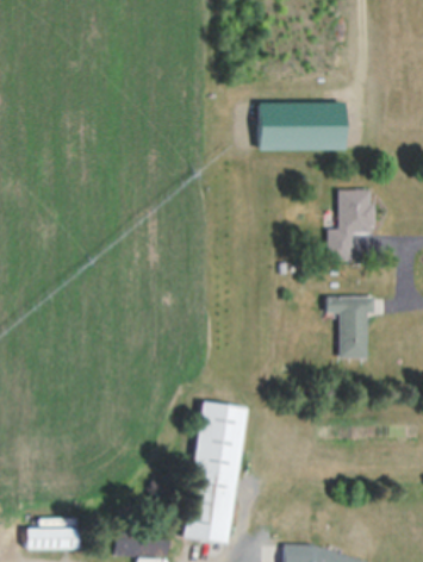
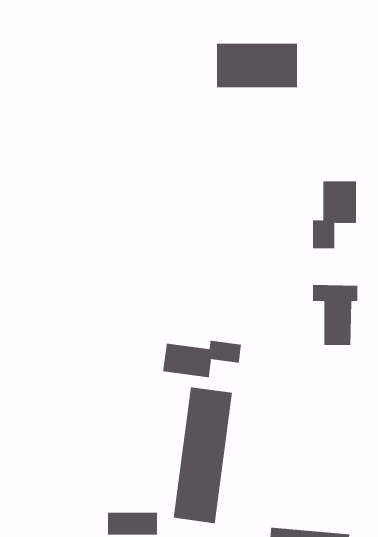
building: [261,102,346,149] -> [216,43,298,88]
building: none -> [163,340,242,378]
building: [27,527,80,550] -> none

